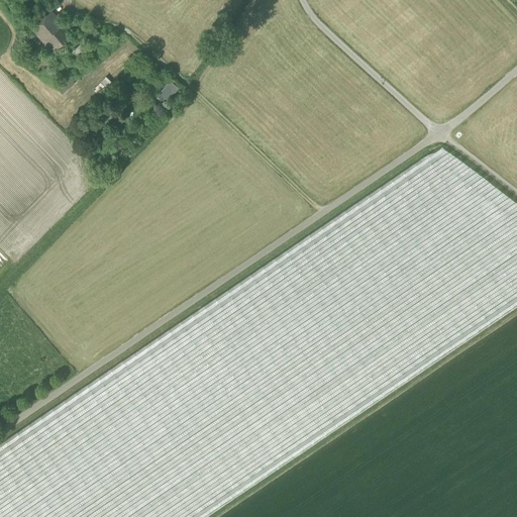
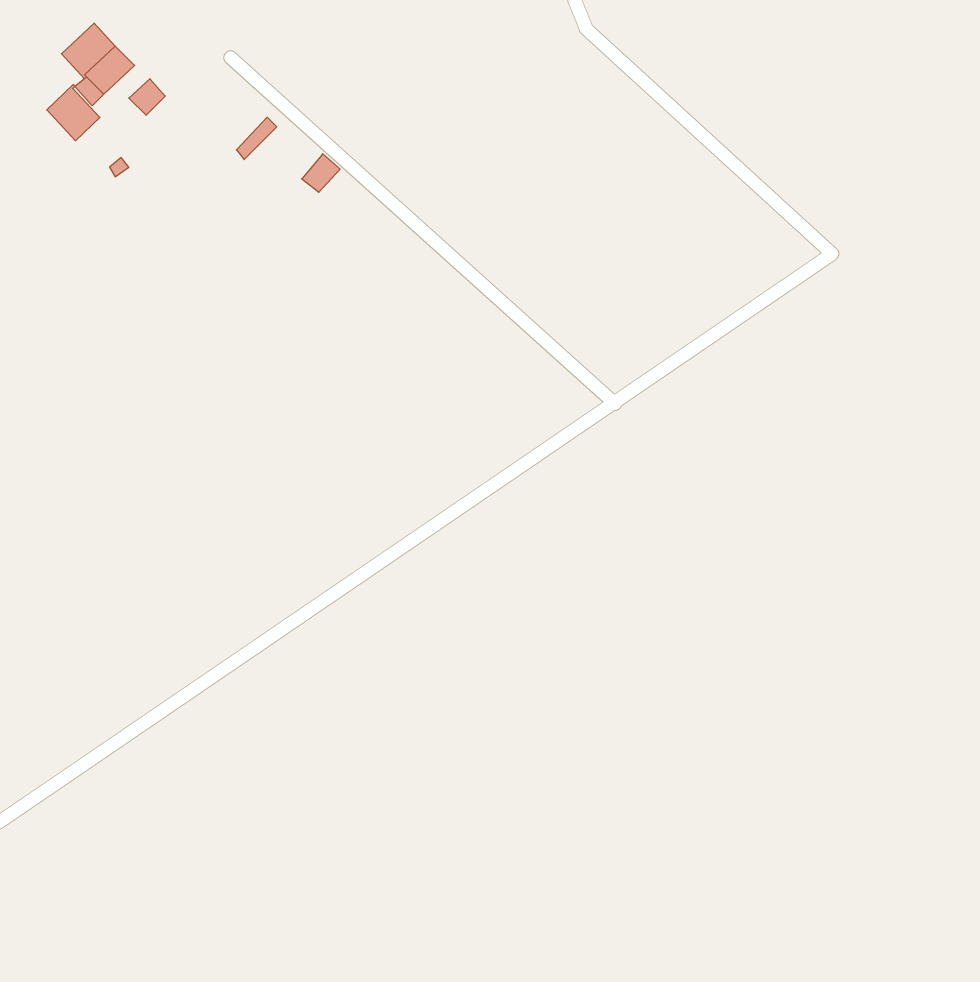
building: none -> [47,85,100,141]

